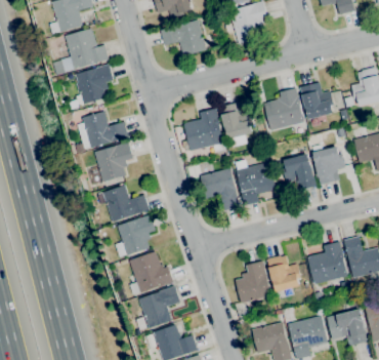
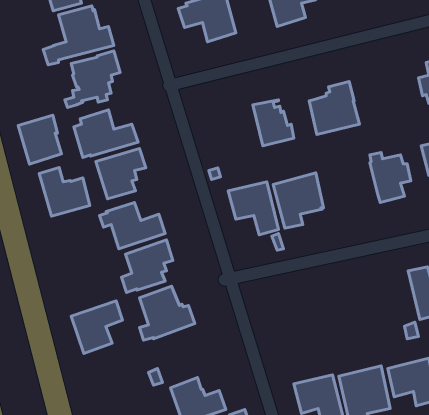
building: [300,82,334,119] -> none
building: [183,109,225,152] -> none
building: none -> [18,115,62,164]
building: [283,153,317,191] -> none
building: none -> [39,168,90,216]
building: [307,241,347,284] -> none
building: [267,255,301,292] -> none
building: [236,261,271,303] -> none
building: [139,286,180,328] -> [71,301,123,354]

